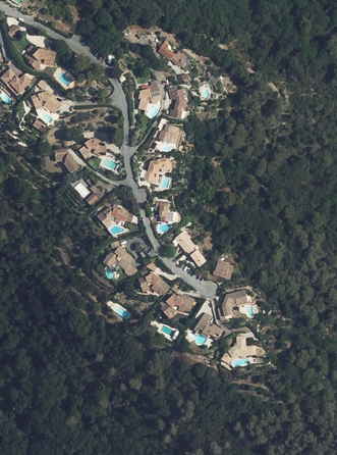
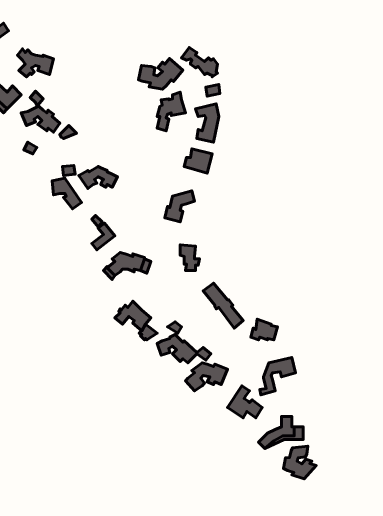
building: none -> [138,58,183,89]
building: none -> [283,446,316,479]

